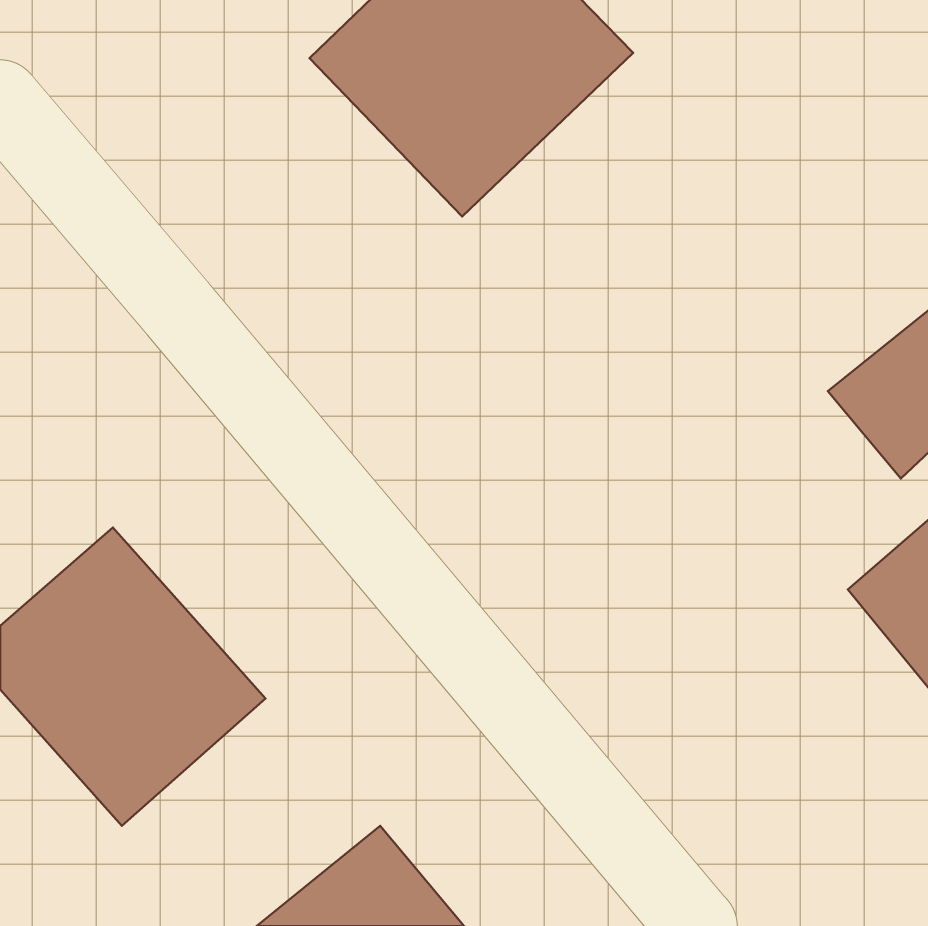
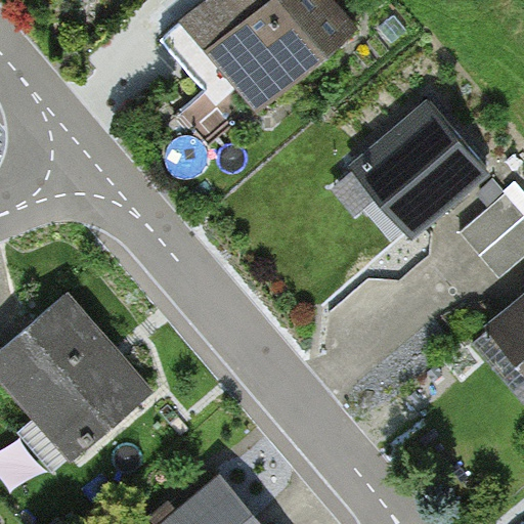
building: none -> [339,97,496,254]

